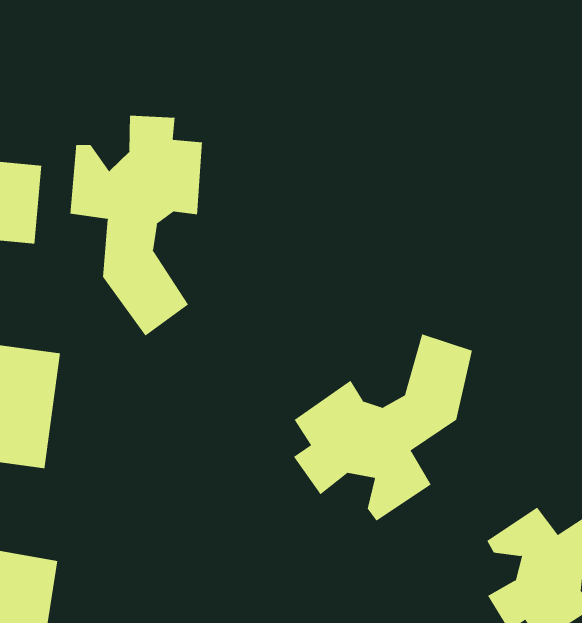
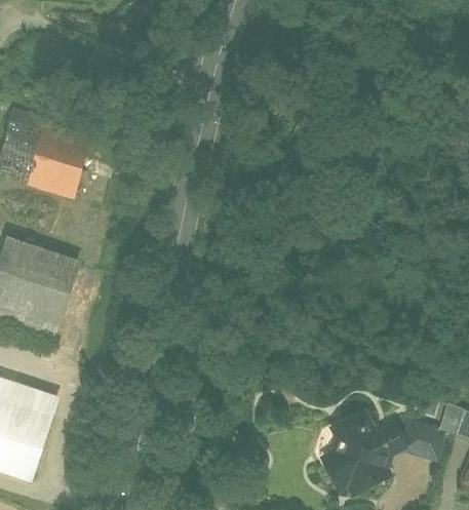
building: [70,115,202,336] -> none
building: [293,333,473,521] -> none

